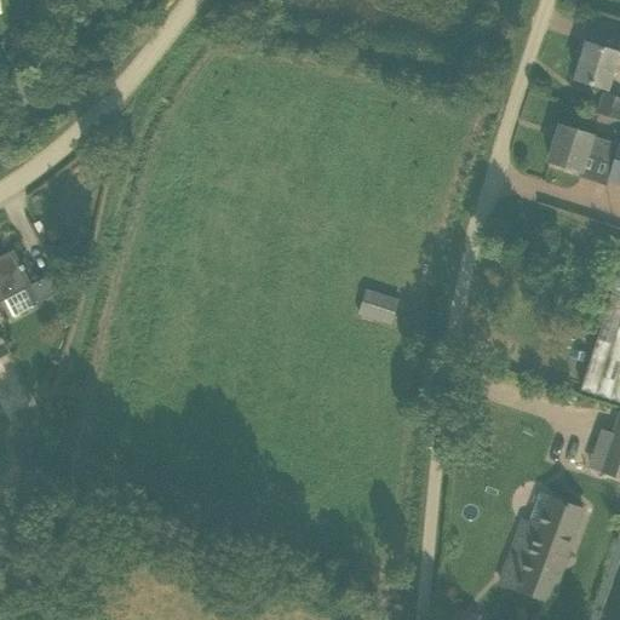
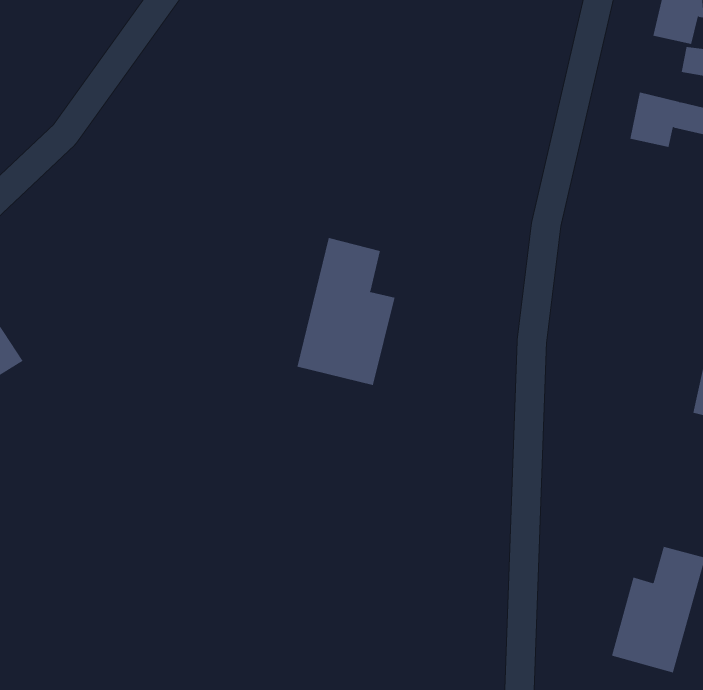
building: none -> [297,237,395,386]
building: [358,288,400,323] -> none

